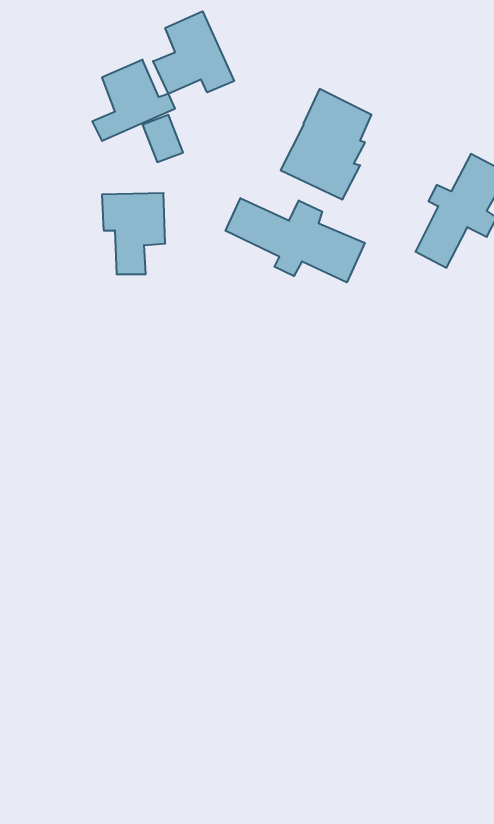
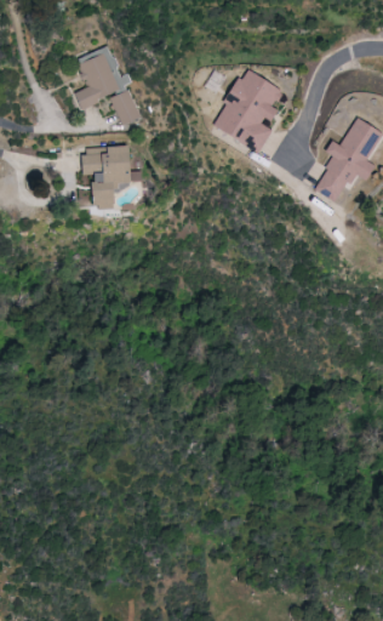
building: [153,11,234,94] -> none
building: [226,198,365,282] -> none

